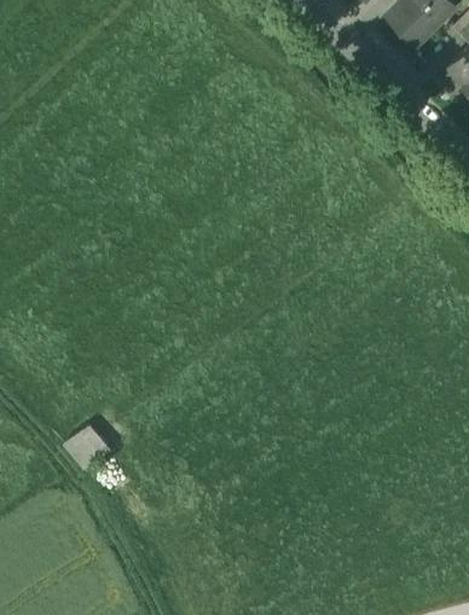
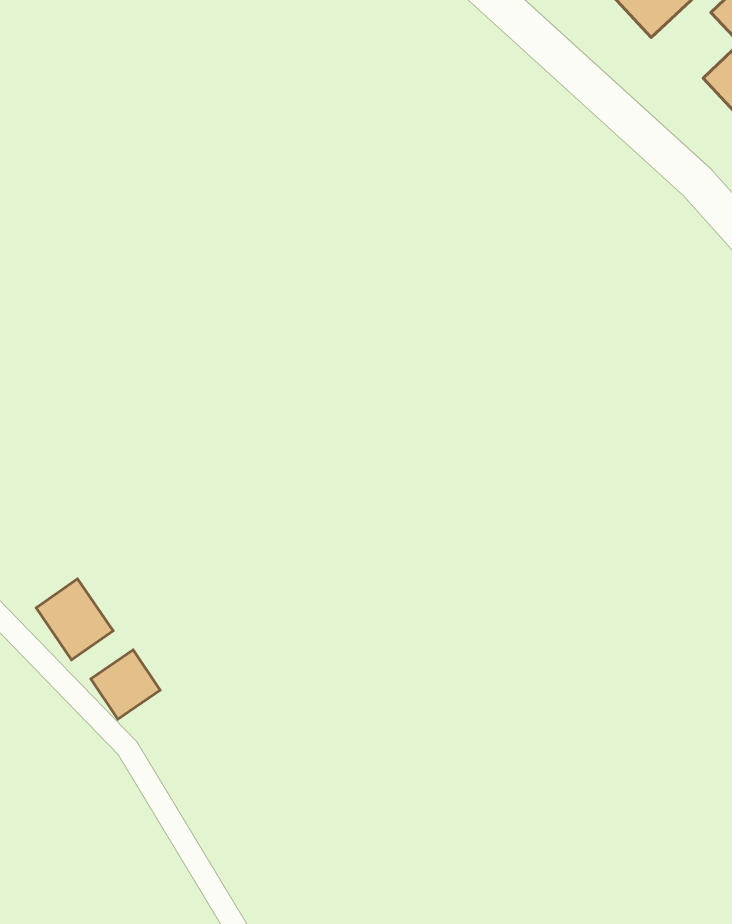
building: none -> [36,579,113,660]

